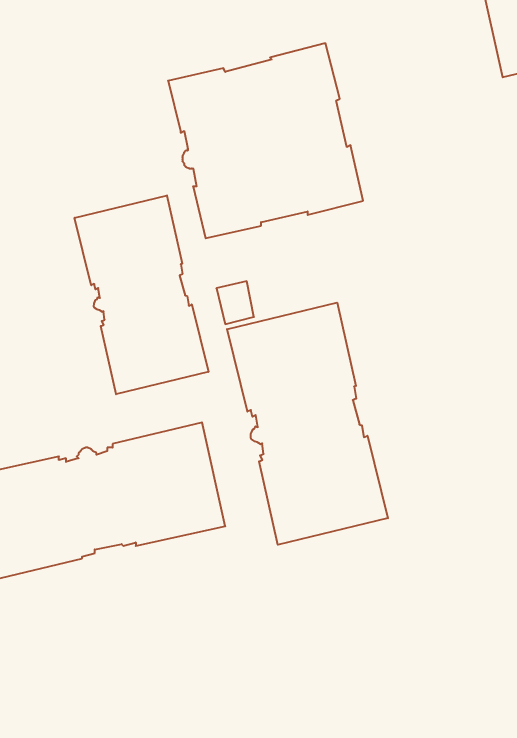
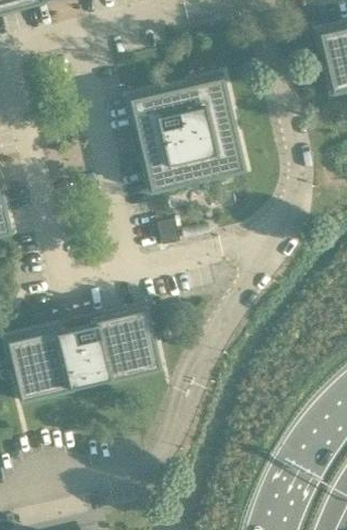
building: [75,195,208,394] -> none
building: [227,303,388,545] -> none

